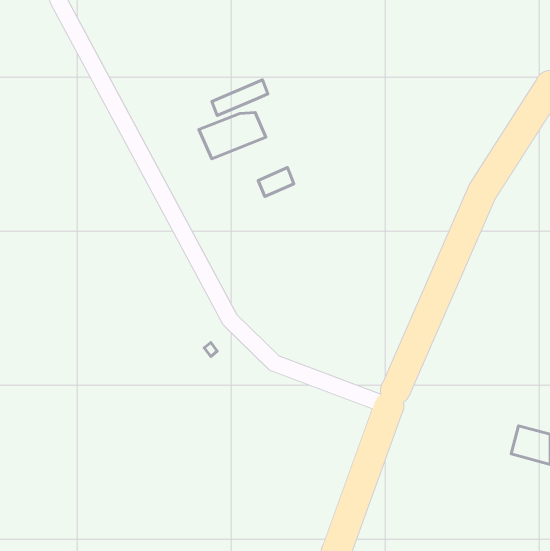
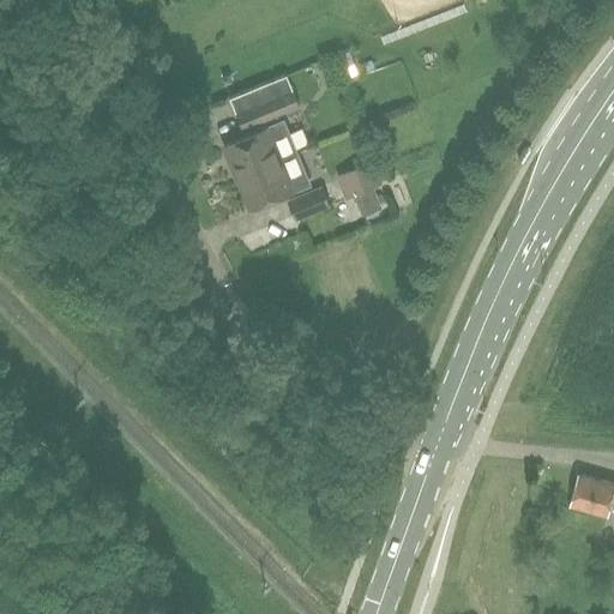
building: none -> [235,154,306,210]
building: none -> [350,162,381,216]

